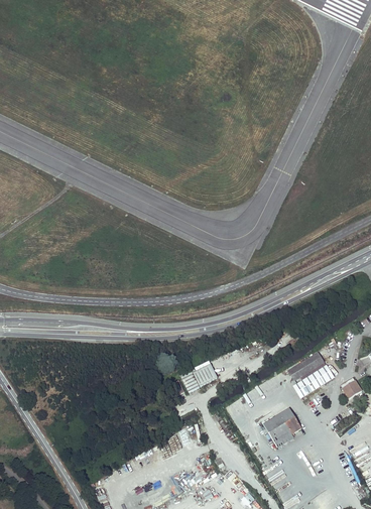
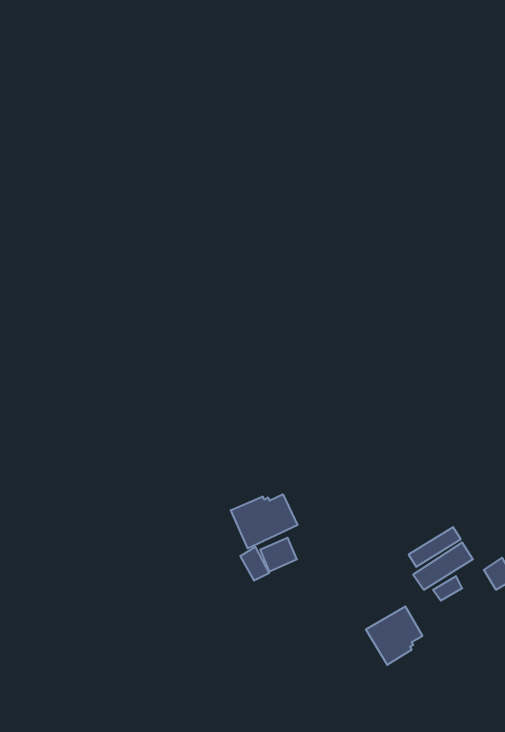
building: none -> [231,494,298,548]

